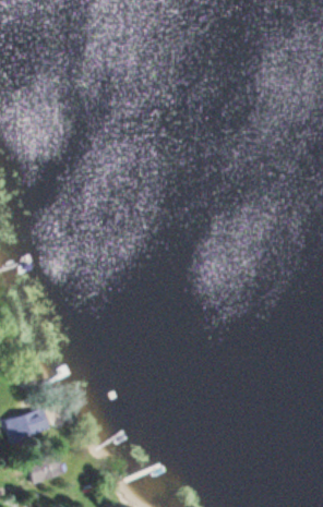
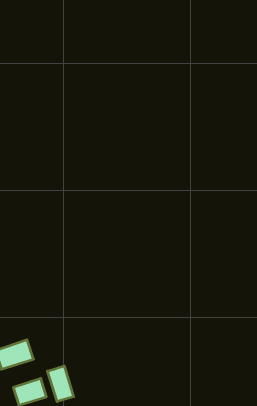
building: none -> [47,366,74,402]

